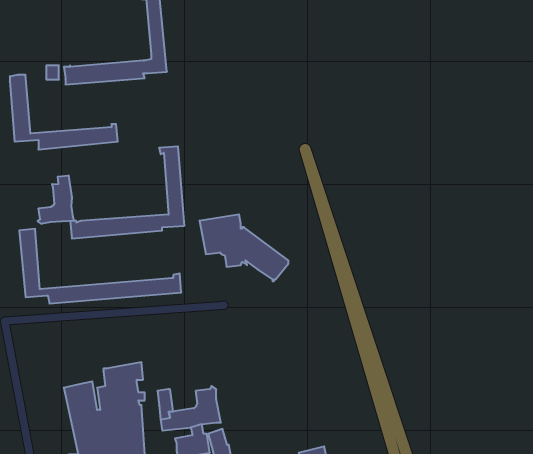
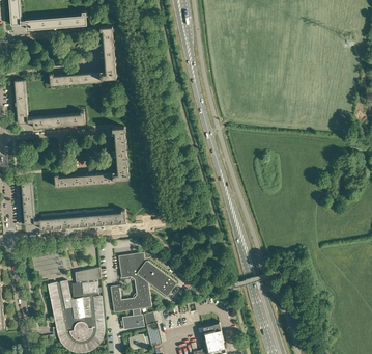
building: [38,175,74,224] -> none
building: [199,214,288,281] -> [117,252,175,296]

